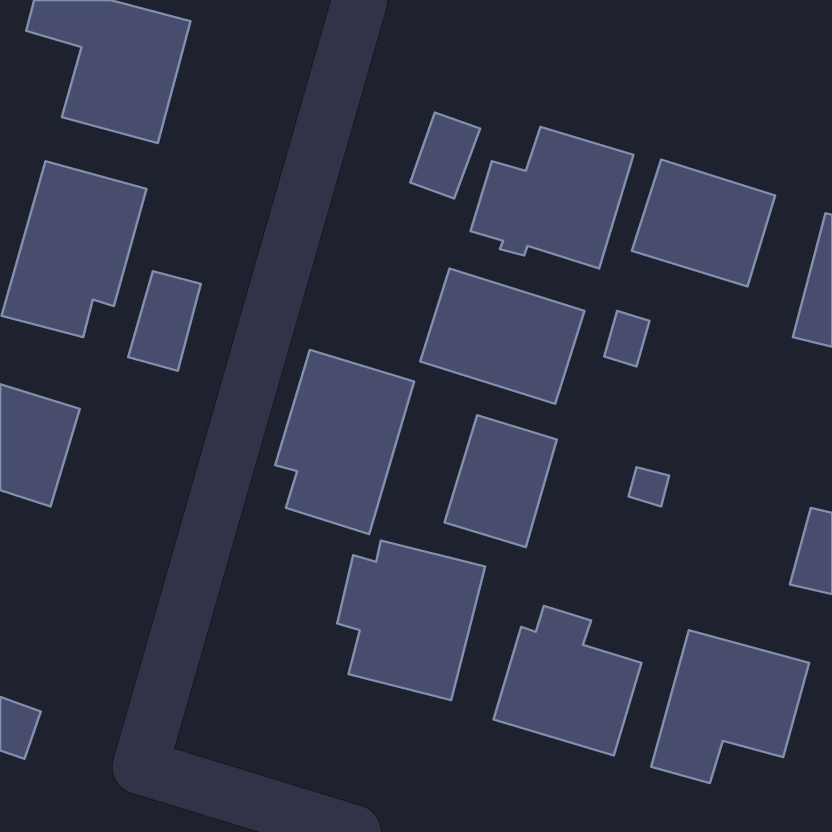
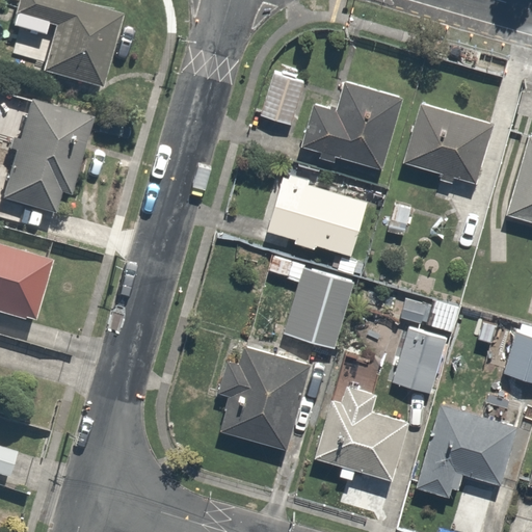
building: [128,271,201,371] -> none
building: [275,350,414,534] -> none
building: none -> [391,327,447,396]

